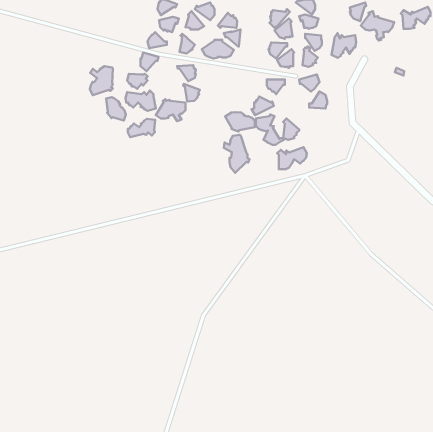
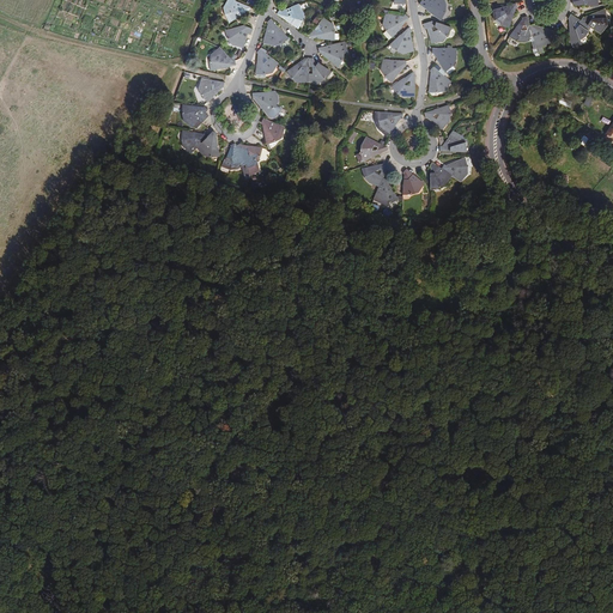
building: [331,33,356,58] -> none
building: [90,66,113,95] -> none
building: [106,97,126,120] -> none
building: [225,112,255,132] -> none
building: [128,119,155,137] -> none
building: [224,135,249,173] -> none
building: [277,147,307,169] -> [426,158,468,189]

